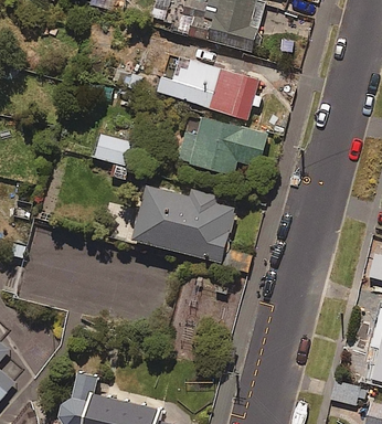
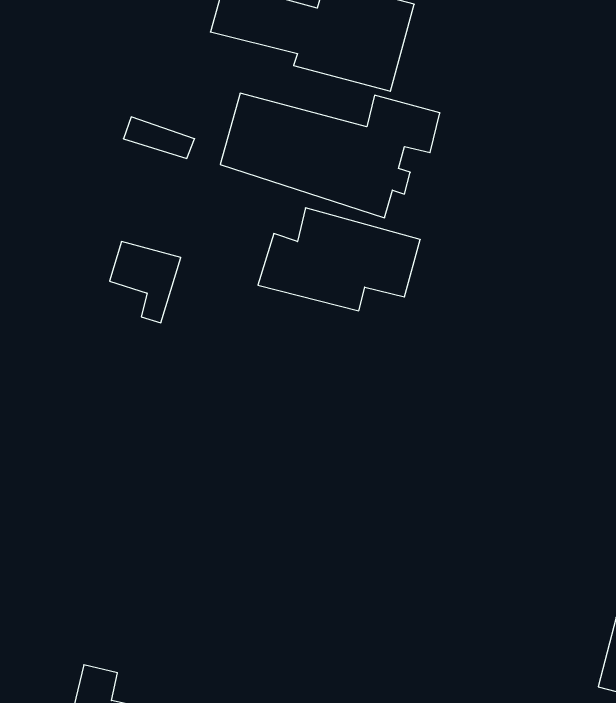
building: [130,184,250,274] -> none

